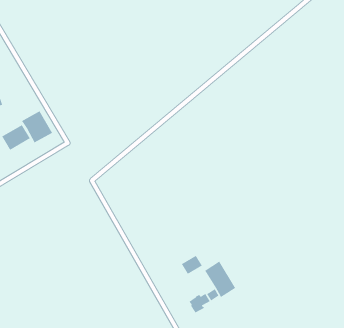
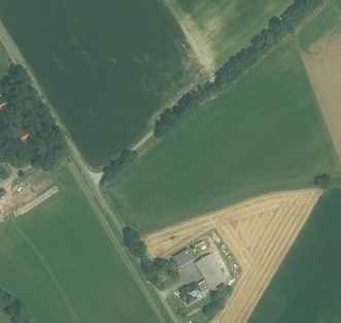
building: [21,110,53,143] -> none

